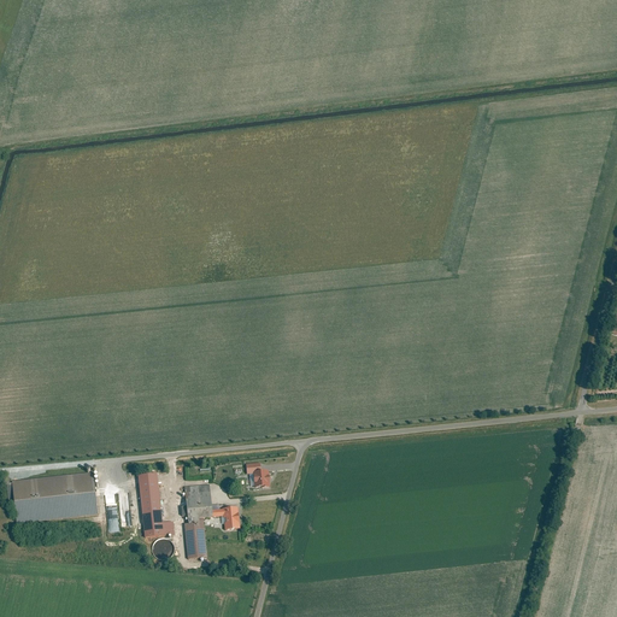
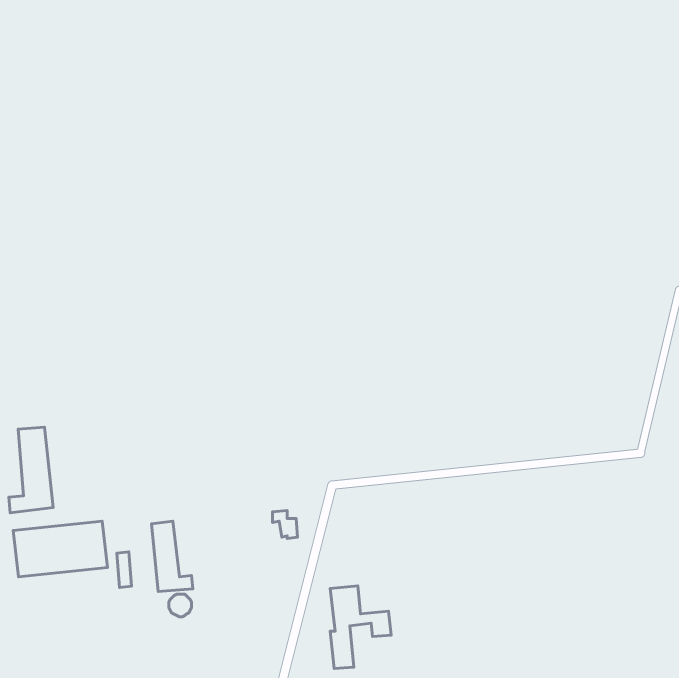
building: none -> [9,427,53,513]
building: [184,483,240,558] -> [330,586,391,668]

